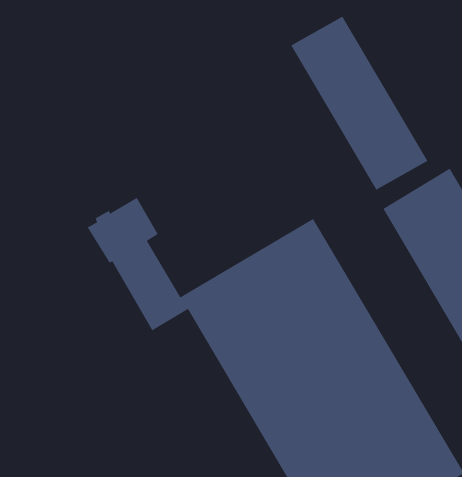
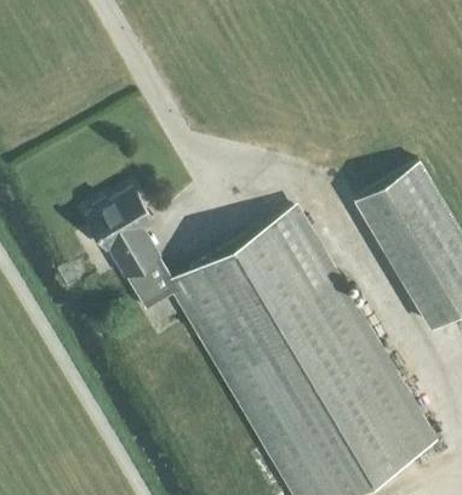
building: [290,16,428,191] -> none

